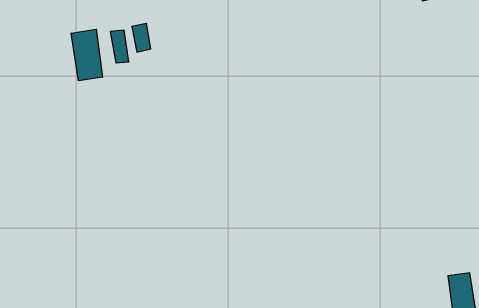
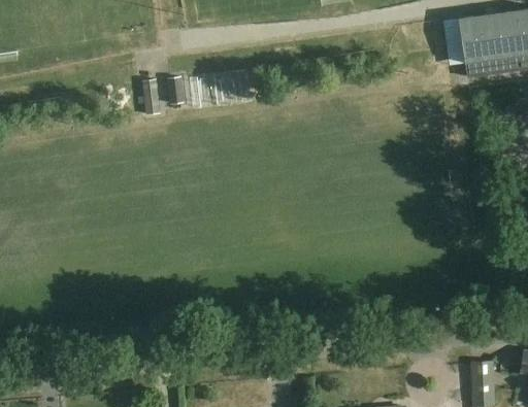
building: [71,29,102,81] -> none

